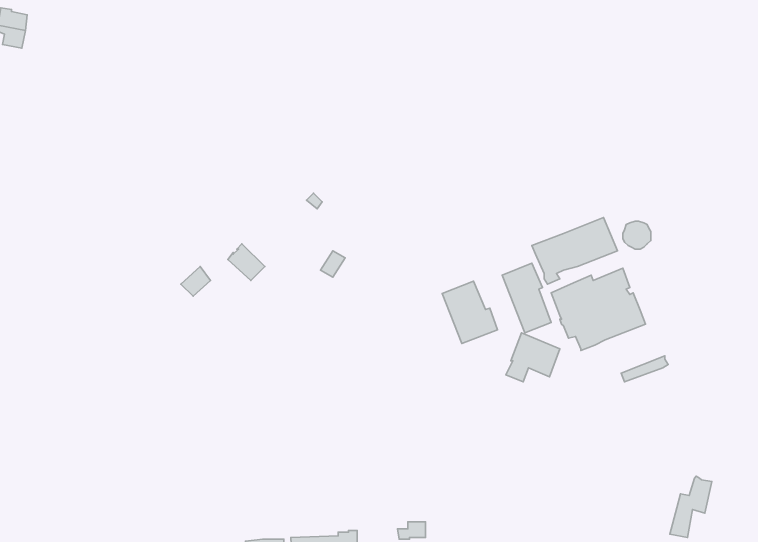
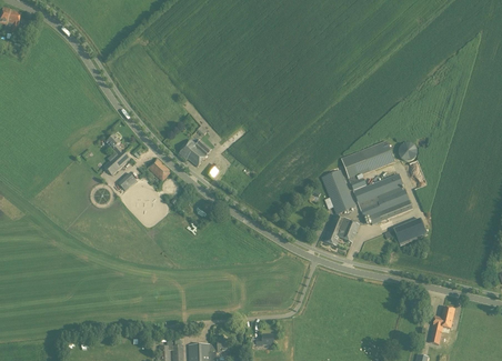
building: none -> [102,133,130,174]
building: none -> [178,138,210,166]
building: [442,281,497,343] -> none

